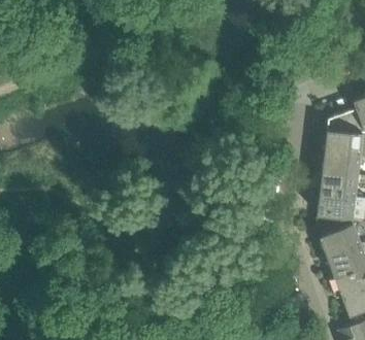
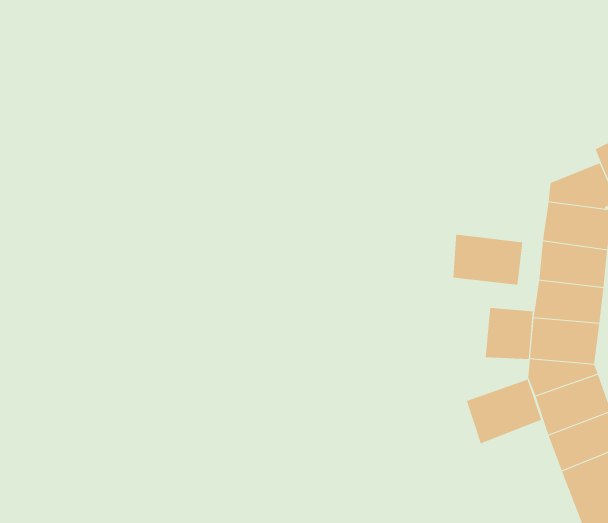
building: none -> [453,234,523,285]
building: none -> [485,307,533,360]
building: none -> [466,379,542,444]

